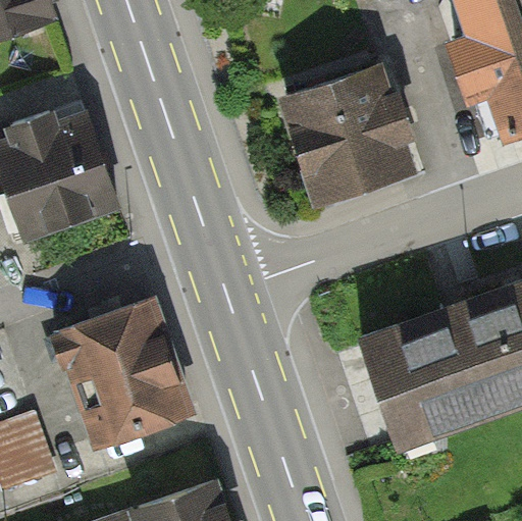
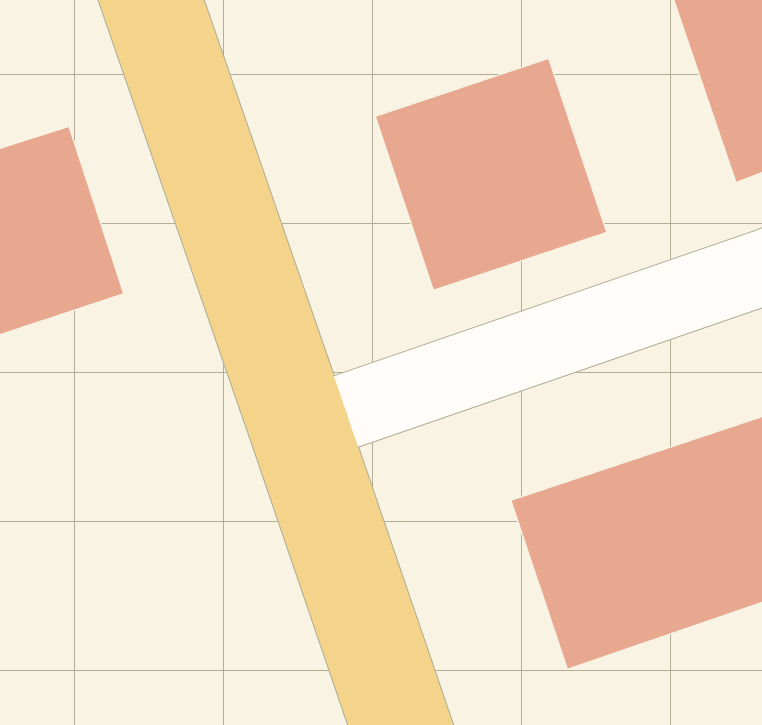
building: [52,297,195,448] -> none

